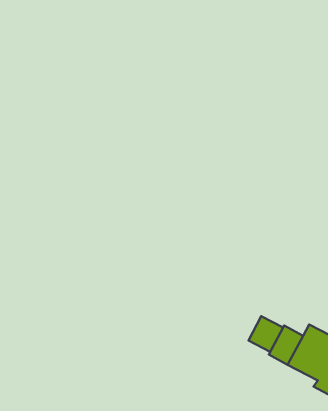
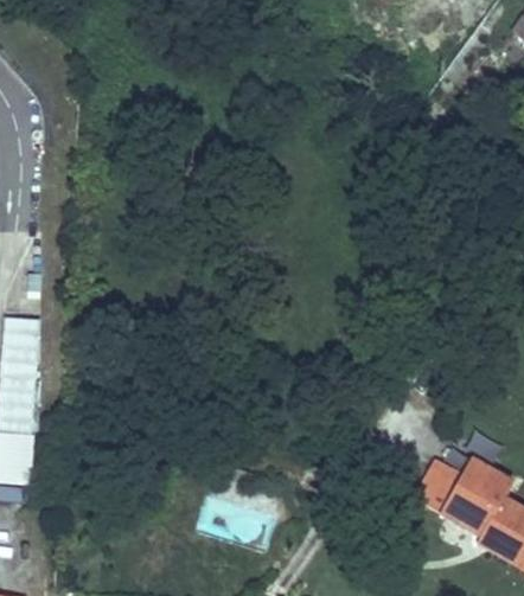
building: [248,316,283,352] -> none

